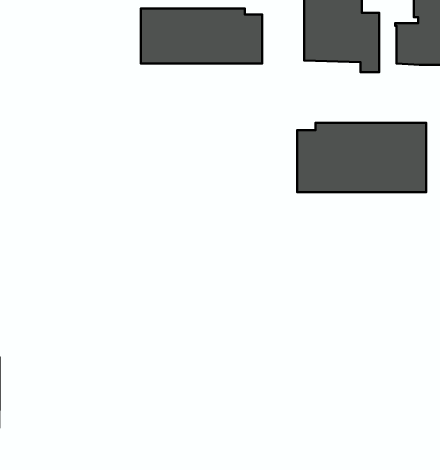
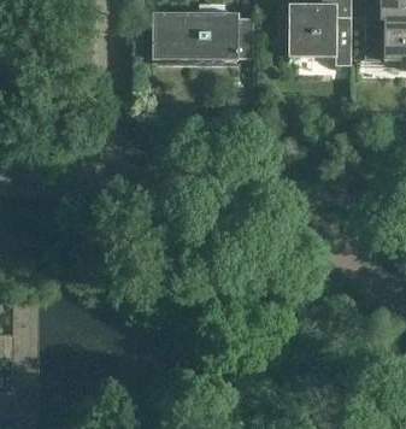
building: [297,123,426,192] -> none

